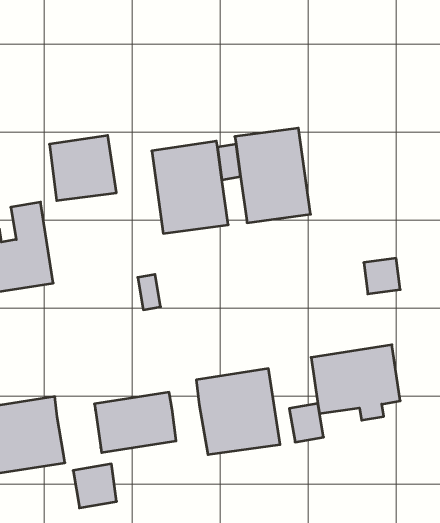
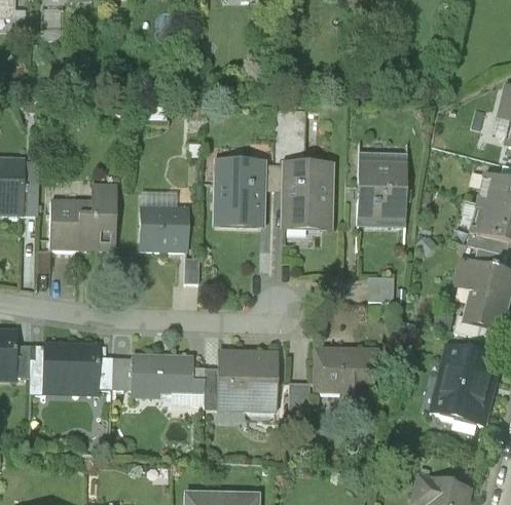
building: none -> [357,152,407,227]
building: [49,135,116,201] -> [138,205,188,254]
building: none -> [192,368,216,410]
building: [73,464,117,508] -> [100,358,132,389]

